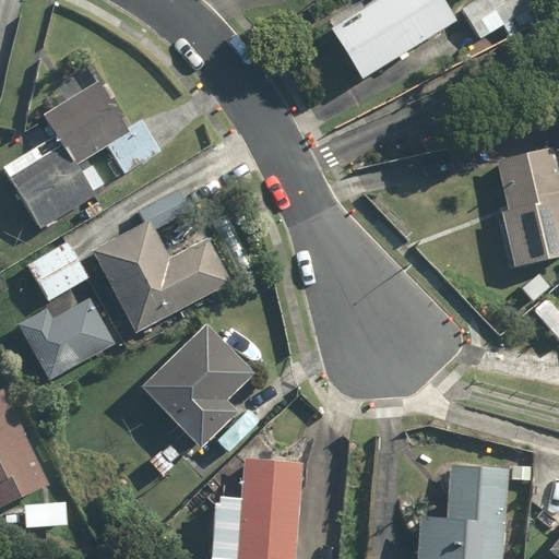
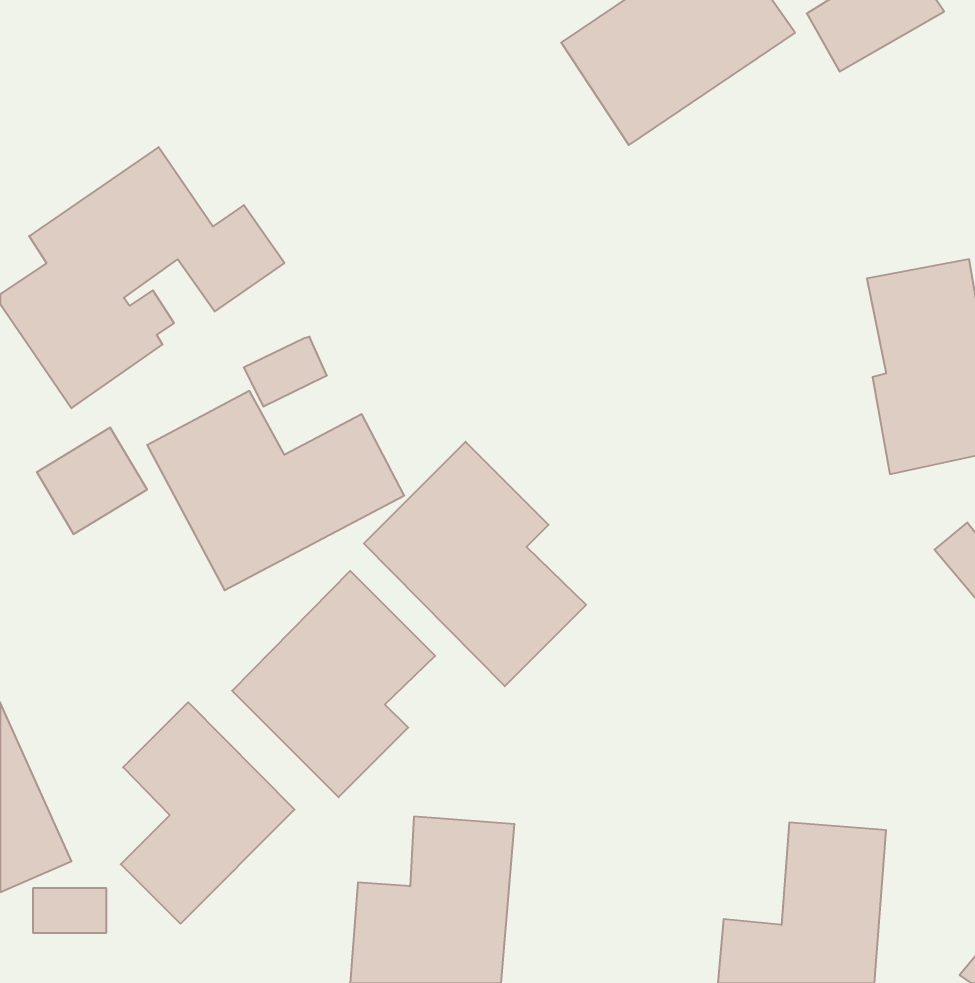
building: none -> [364,442,586,686]
building: [19,295,118,377] -> none
building: none -> [121,702,295,924]

